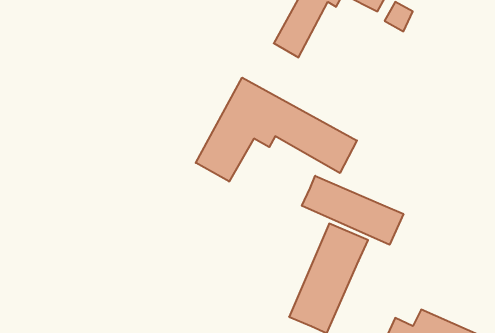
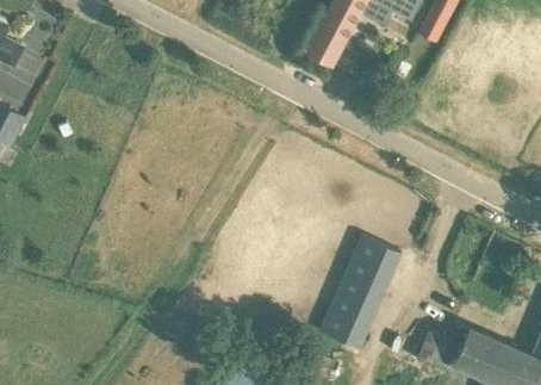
building: [196,78,357,182] -> none
building: [302,176,403,245] -> none

